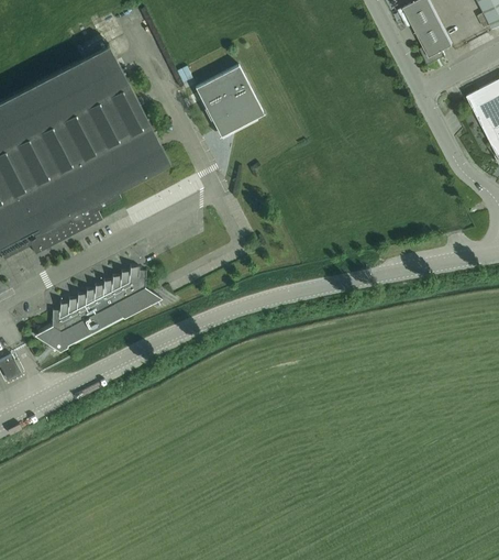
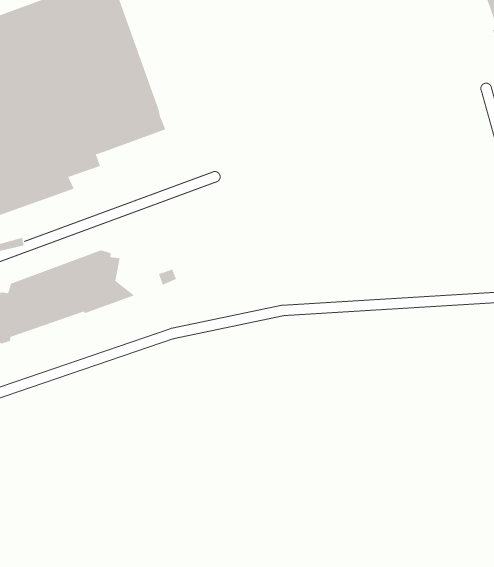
building: [196,67,263,136] -> none

